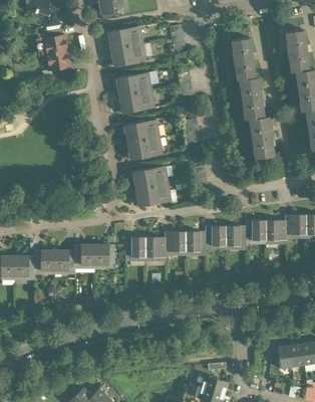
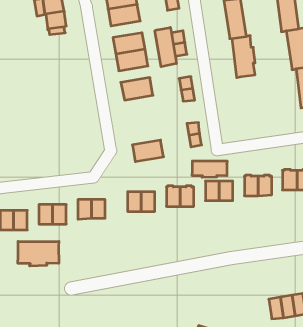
building: none -> [155,27,176,67]
building: [249,116,273,158] -> none
building: [128,138,161,160] -> none
building: [133,167,166,189] -> none
building: none -> [192,161,227,177]
building: none -> [18,241,59,266]

